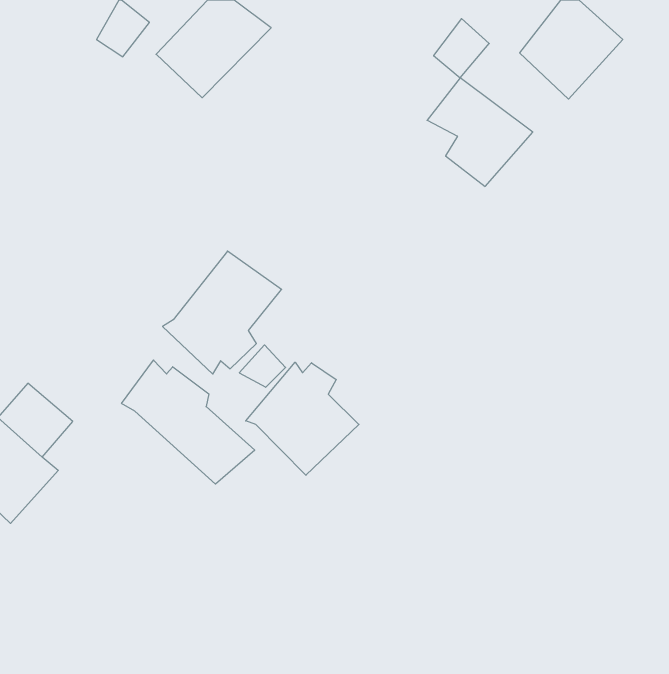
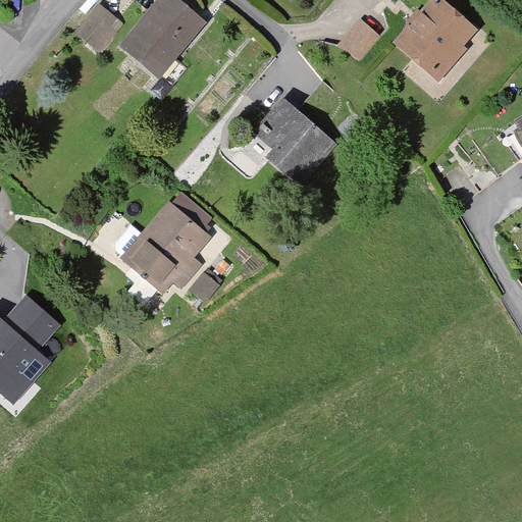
building: [427,78,533,186] -> [255,100,336,184]
building: [122,360,255,484] -> none
building: [246,362,359,475] -> none

